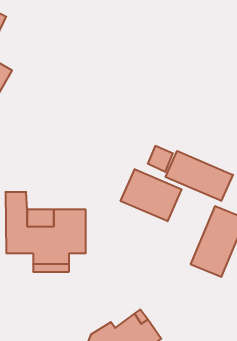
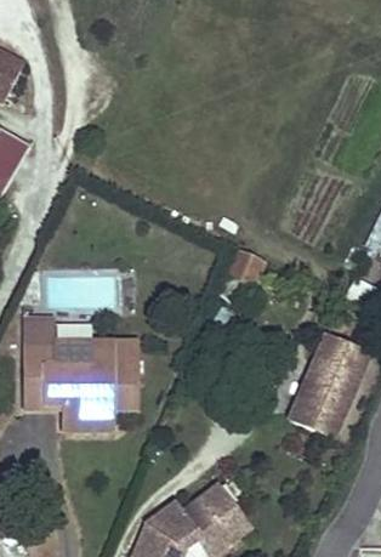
building: [166,151,233,201] -> none
building: [121,169,182,221] -> none

